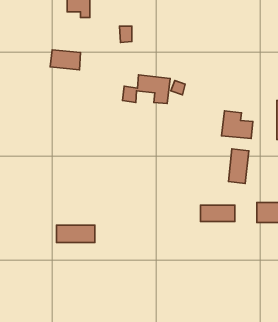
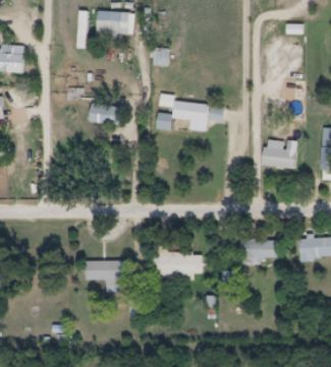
building: [50,50,81,70] -> [89,104,121,125]
building: [228,149,249,183] -> none
building: none -> [151,246,202,278]

